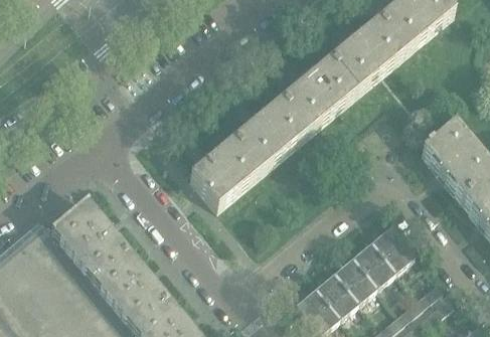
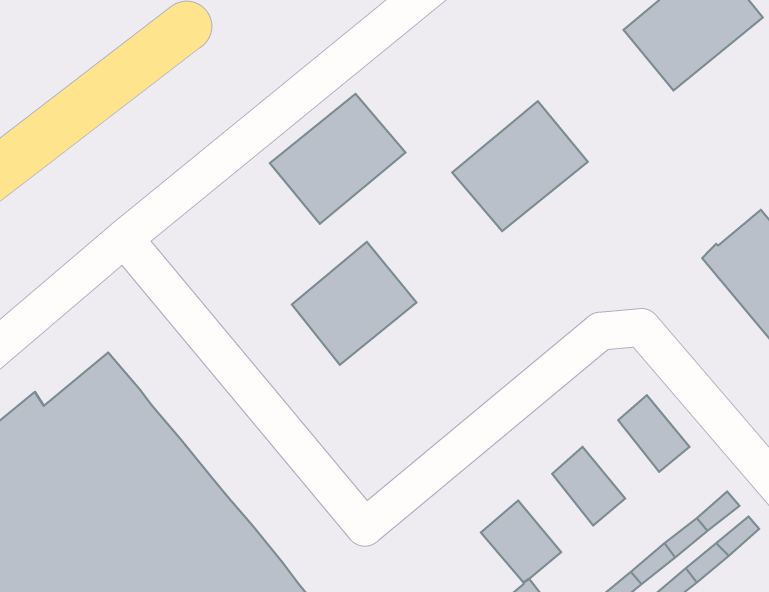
building: [329,19,405,94] -> none
building: [232,100,309,173] -> [270,94,405,224]
building: [354,239,397,284] -> none
building: [318,270,360,314] -> none

